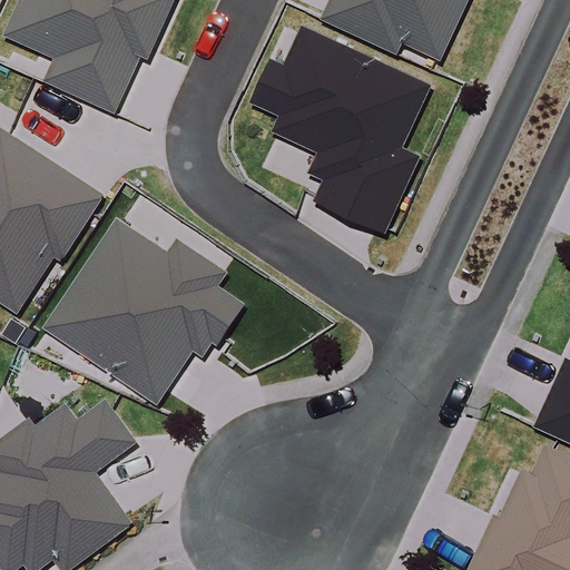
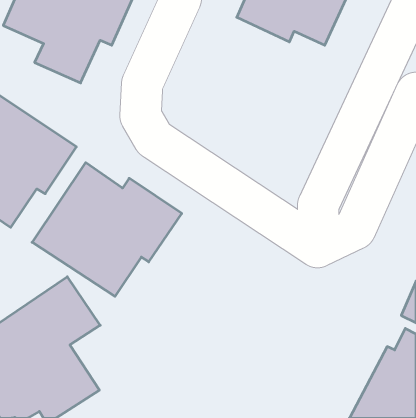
building: [253,30,425,236] -> none

